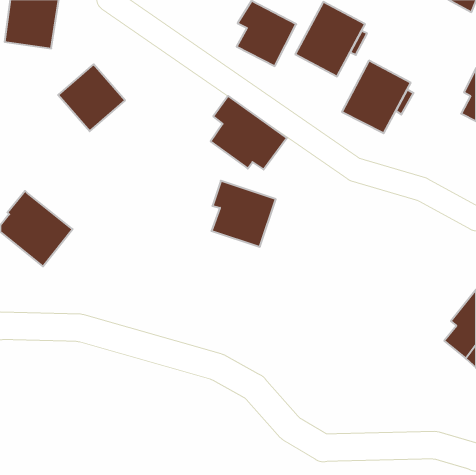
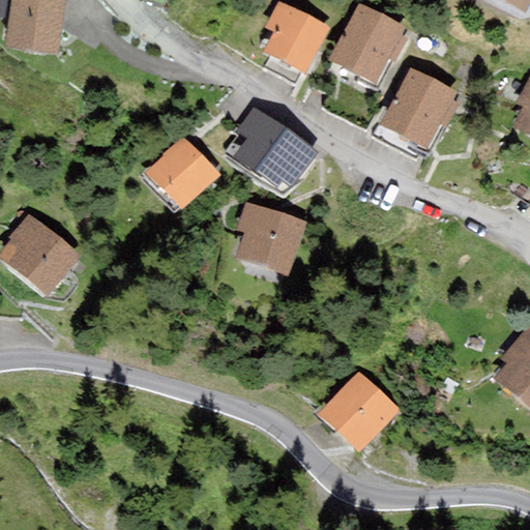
building: [58,64,125,131] -> [146,135,220,209]
building: none -> [318,370,401,451]

